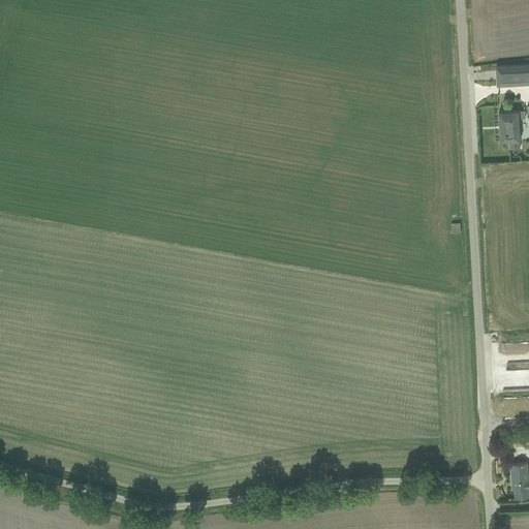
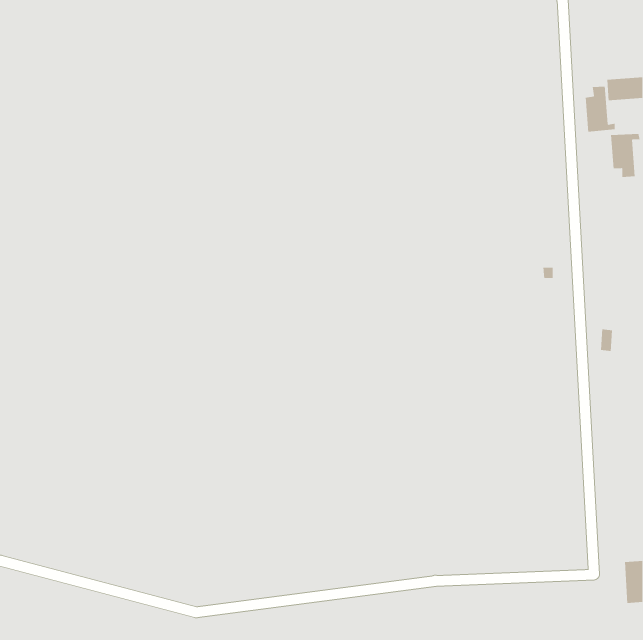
building: none -> [585,86,615,133]

